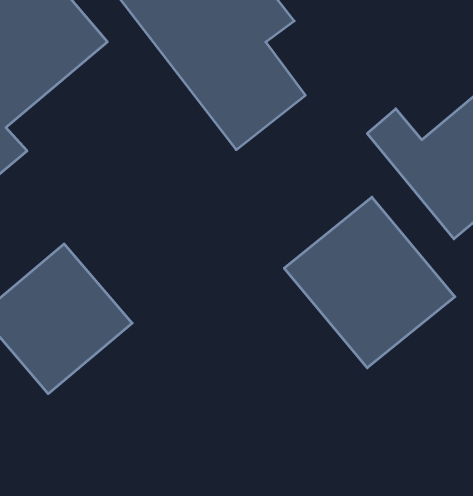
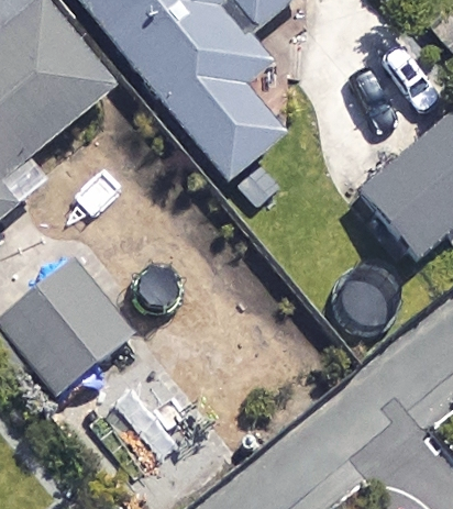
building: [284,197,455,368] -> none

